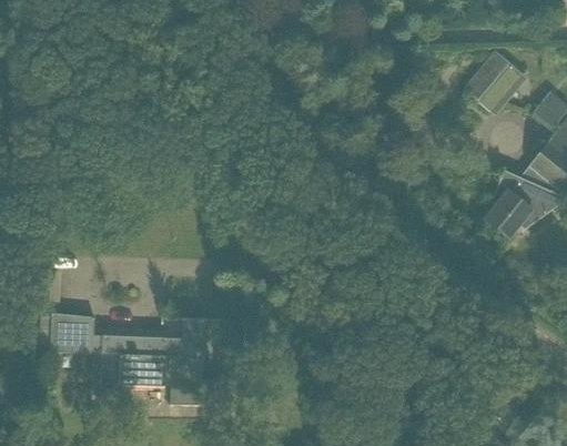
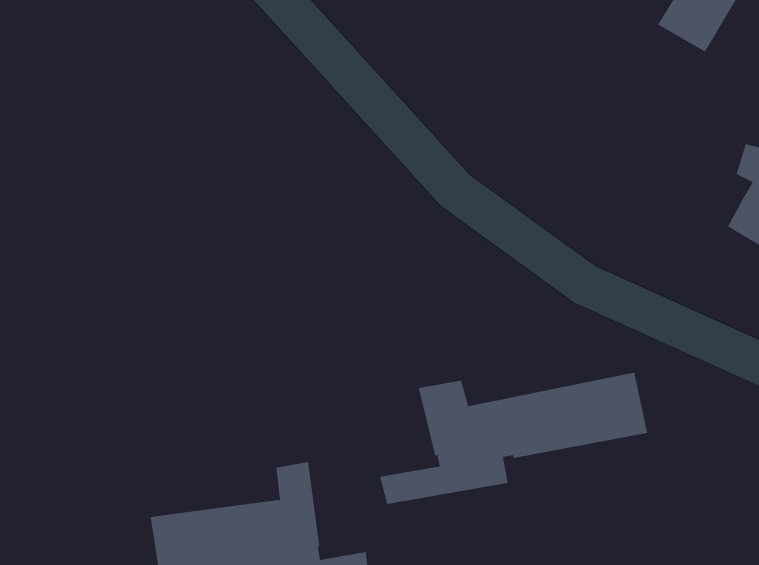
building: none -> [380,372,648,505]
building: [48,312,94,352] -> none

